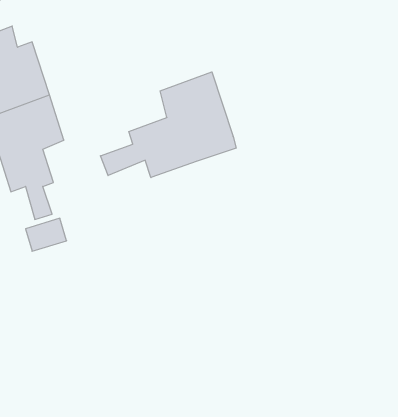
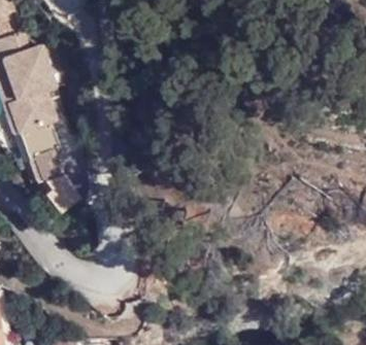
building: [100,72,236,178] -> none

